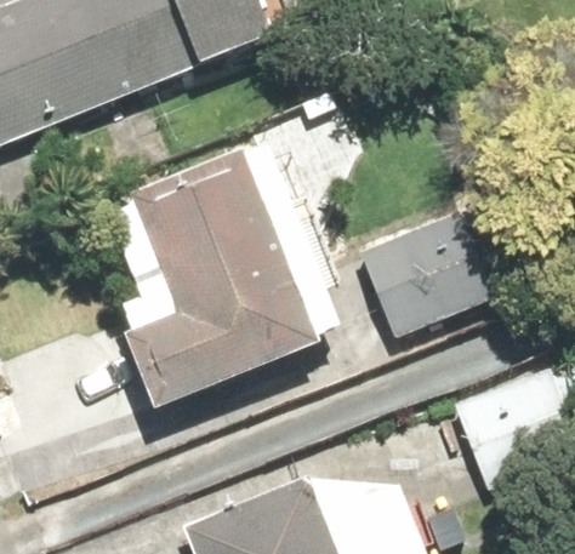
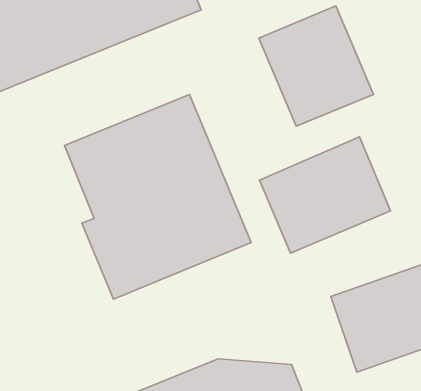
building: none -> [259,6,374,126]

